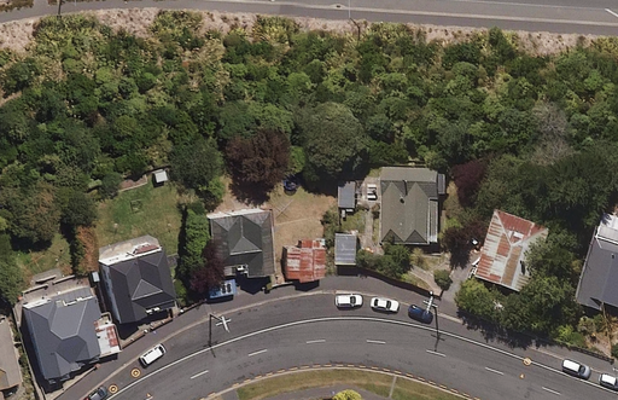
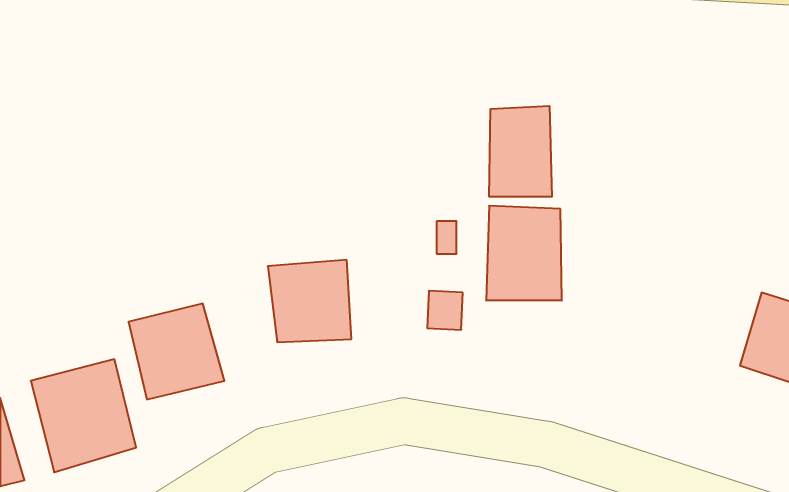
building: none -> [489,106,552,197]
building: [477,210,550,295] -> none
building: [284,234,320,280] -> none

